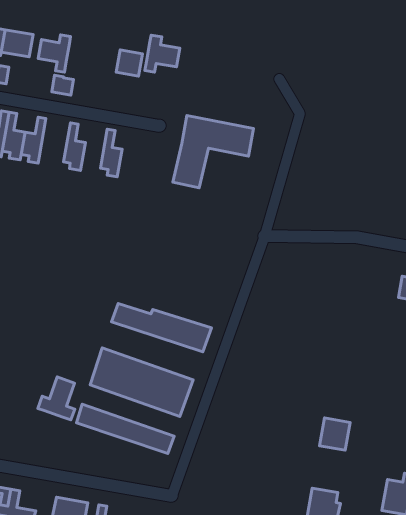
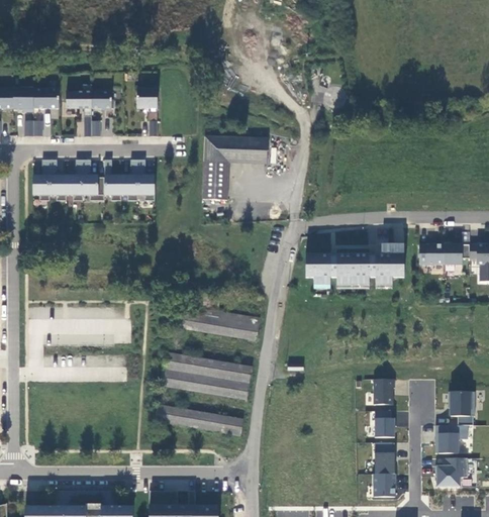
building: [145,35,180,72] -> none
building: none -> [91,89,112,108]
building: none -> [82,160,104,200]
building: none -> [120,160,137,200]
building: none -> [306,243,404,284]
building: [38,377,75,420] -> none
building: none -> [375,412,399,437]

